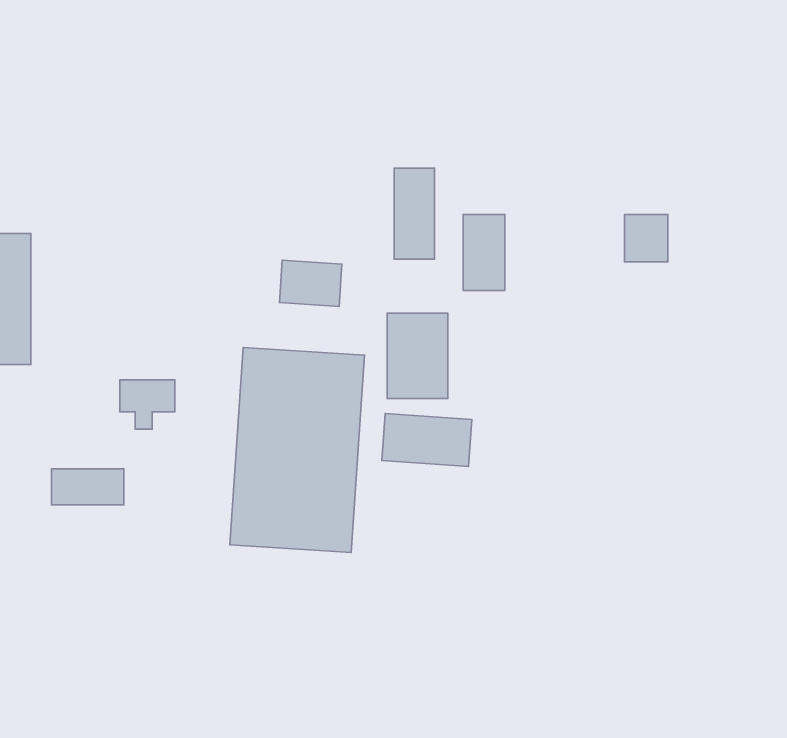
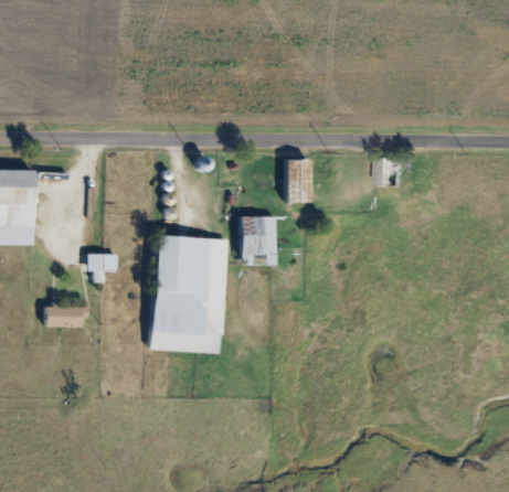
building: [394,168,435,259] -> none
building: [279,260,342,307] -> none
building: [382,414,472,466] -> none

